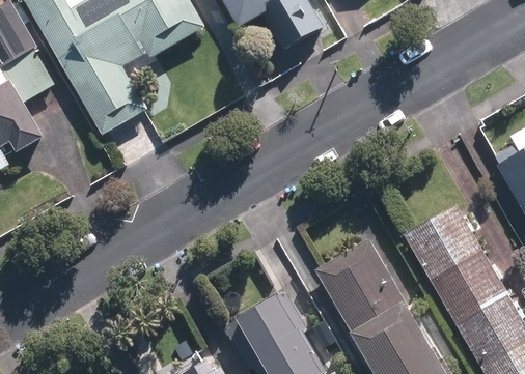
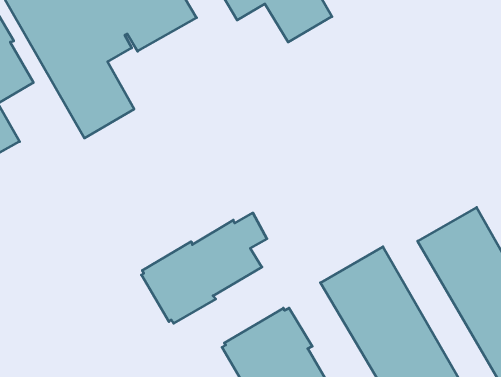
building: none -> [141,213,267,323]

